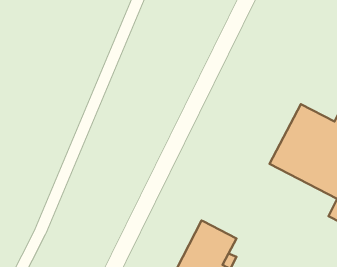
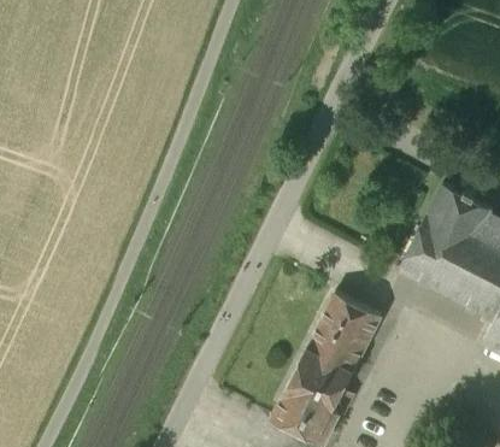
building: none -> [310,294,383,372]

